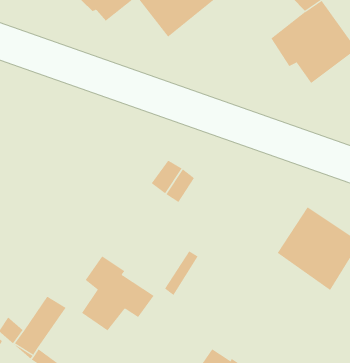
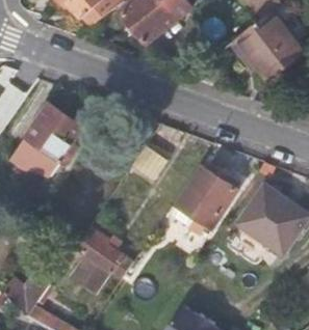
building: none -> [11,103,83,175]
building: none -> [173,164,236,230]

